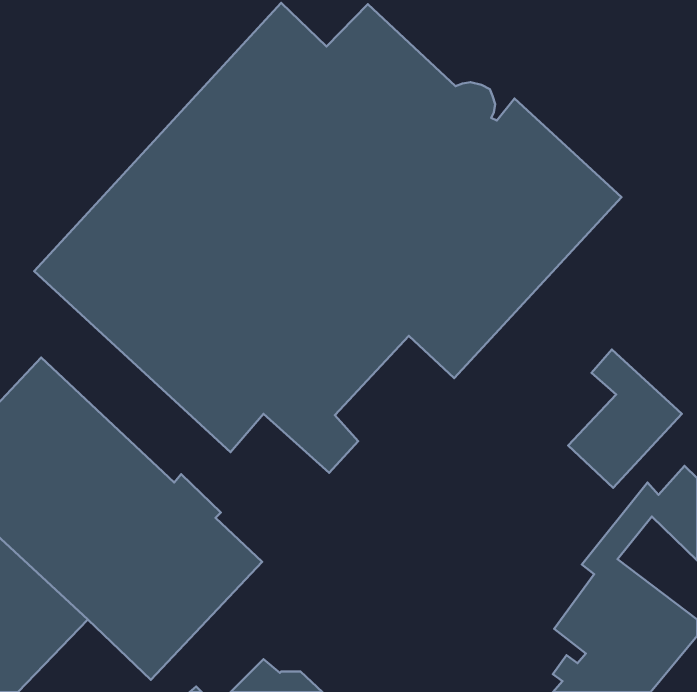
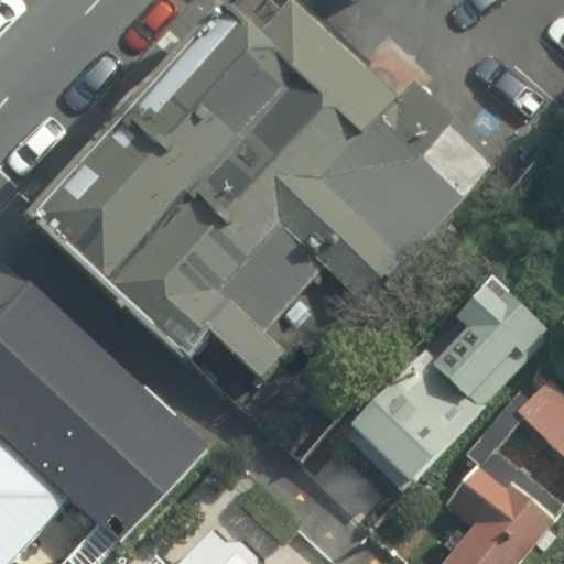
building: none -> [352,347,486,481]

